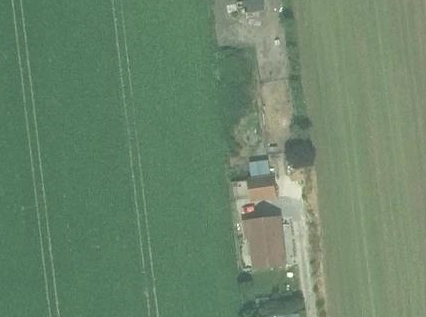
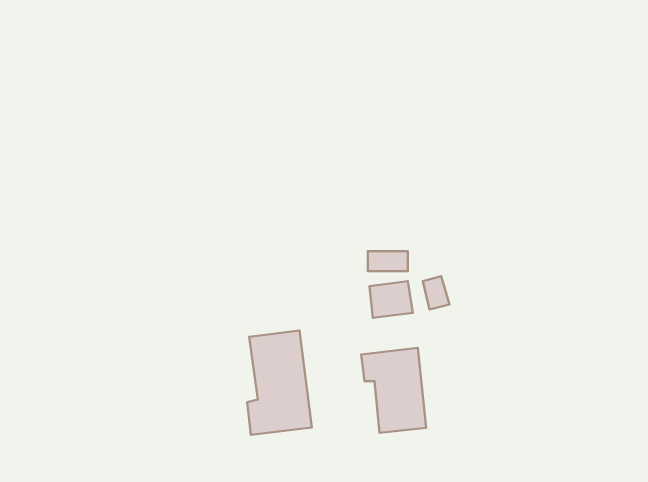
building: none -> [247,330,312,435]

